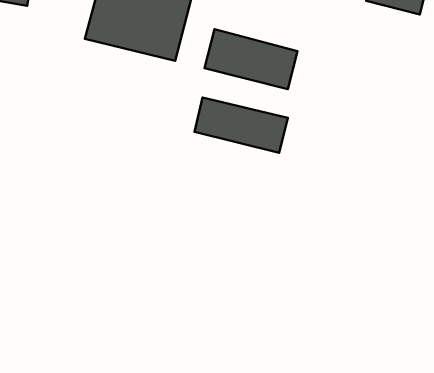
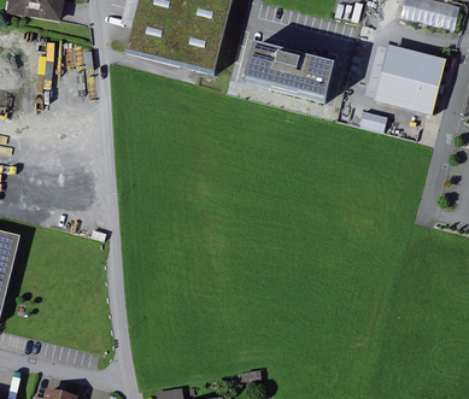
building: none -> [359,42,439,117]
building: [194,97,288,153] -> none

